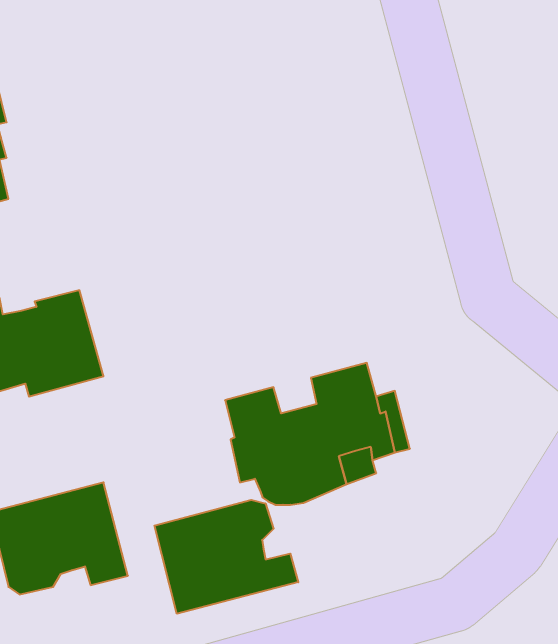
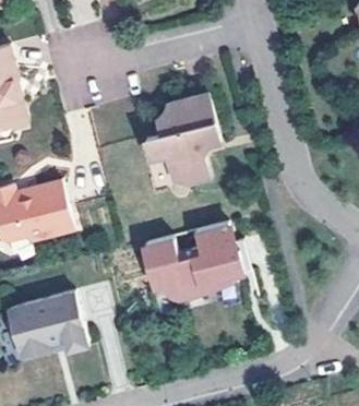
building: none -> [146,93,219,182]
building: [154,500,298,614] -> none

